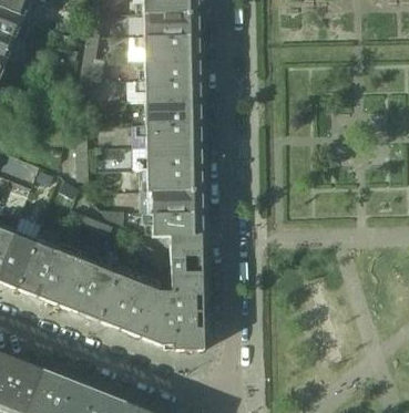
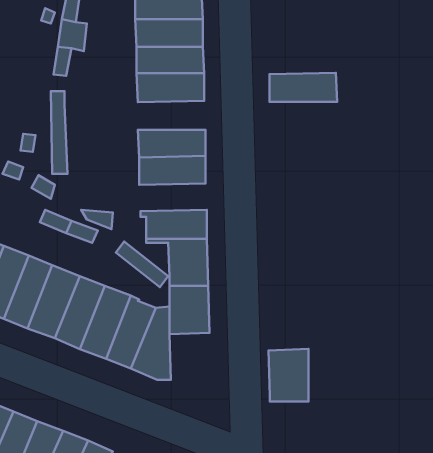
building: [145,121,200,144] -> [270,73,337,102]
building: [146,187,201,209] -> none
building: [171,307,203,349] -> [268,349,308,401]

